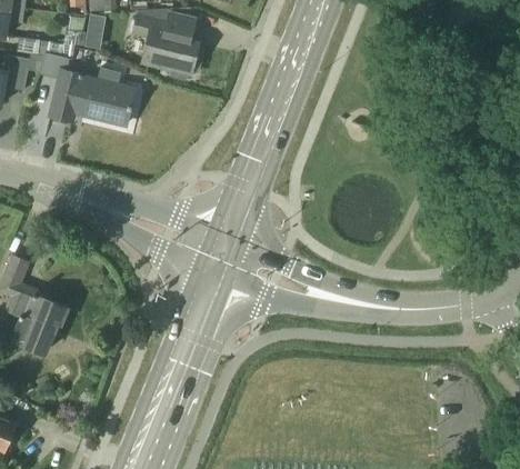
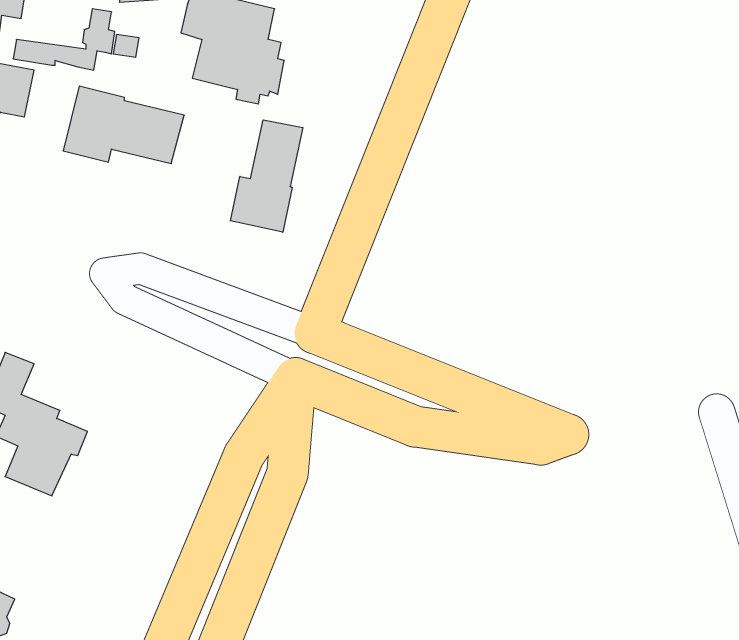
building: none -> [230,120,303,232]

